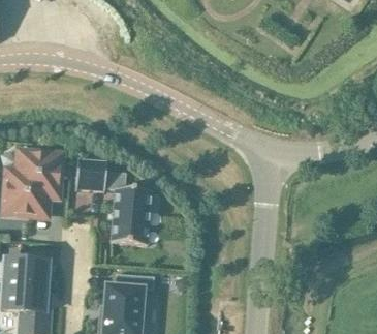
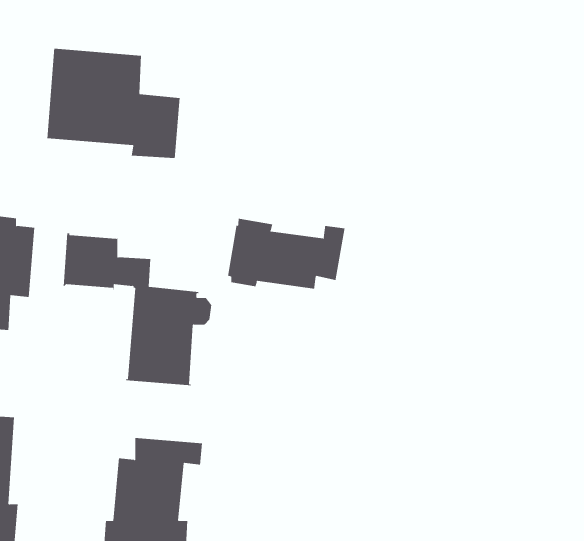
building: none -> [47,48,180,159]
building: none -> [227,218,345,289]

